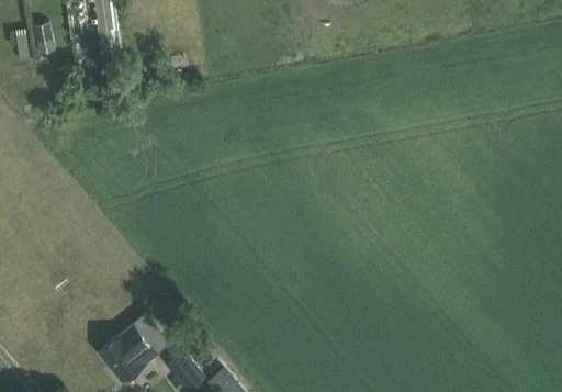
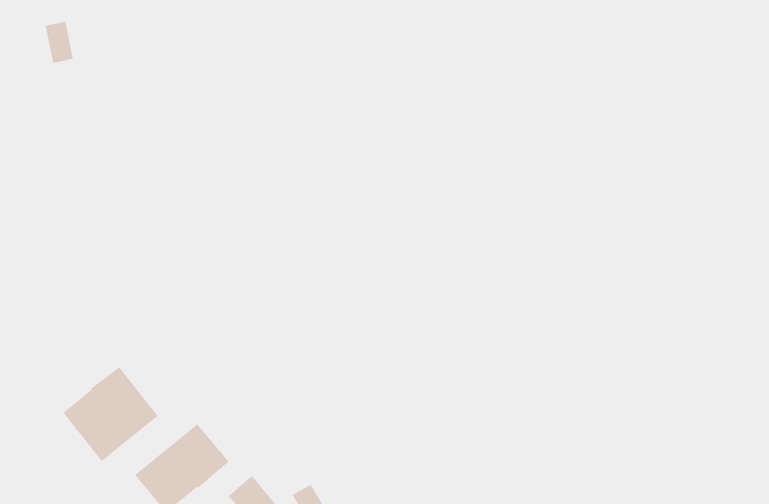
building: none -> [63,366,158,462]

